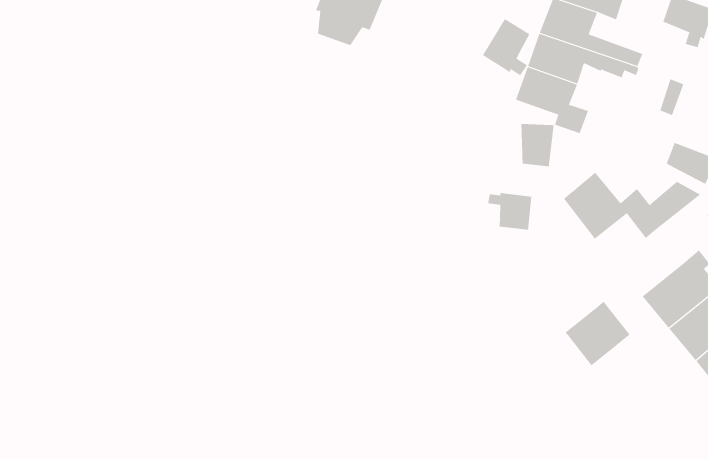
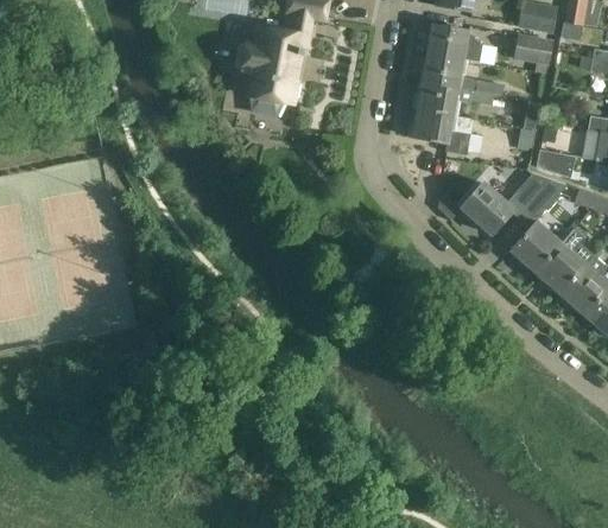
building: [482,18,530,76] -> none
building: [521,123,554,167] -> none
building: [488,192,532,231] -> none
building: [565,301,631,366] -> [509,220,560,272]

